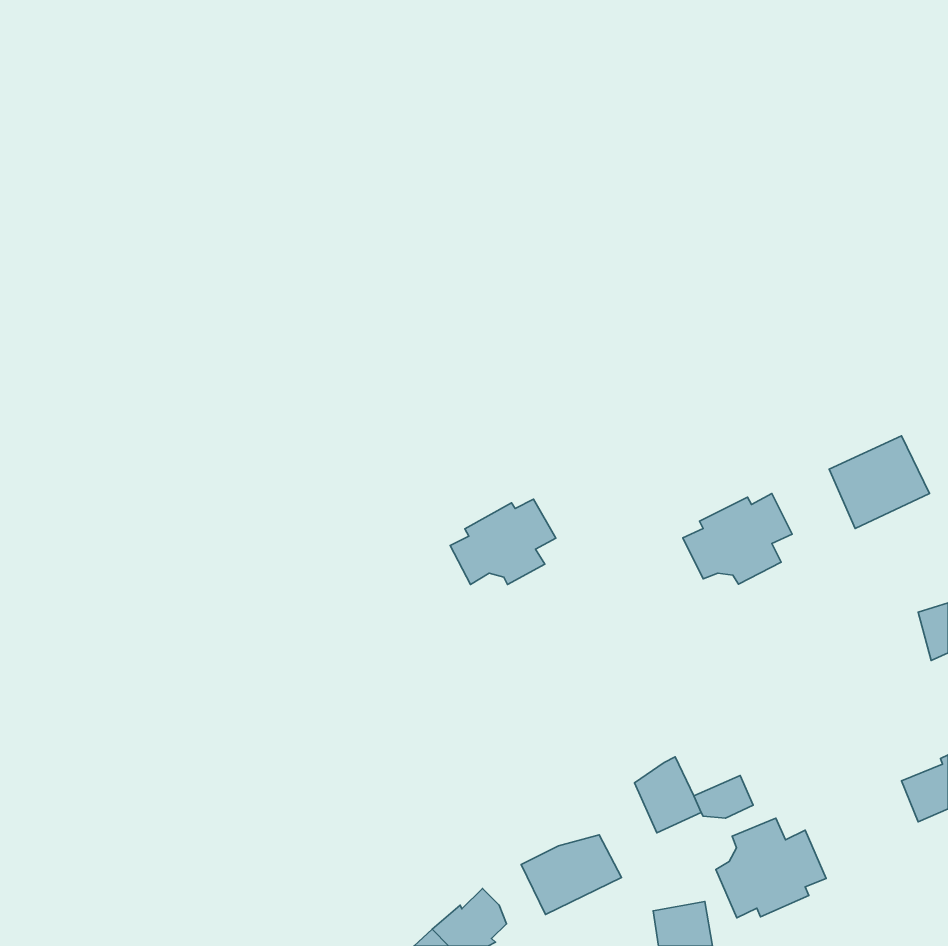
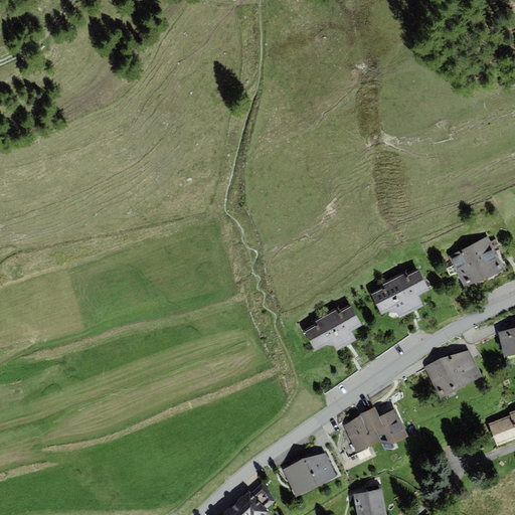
building: [450,499,556,584] -> [305,304,362,350]
building: none -> [424,350,483,397]
building: none -> [366,405,401,432]
building: [716,818,826,918] -> none

